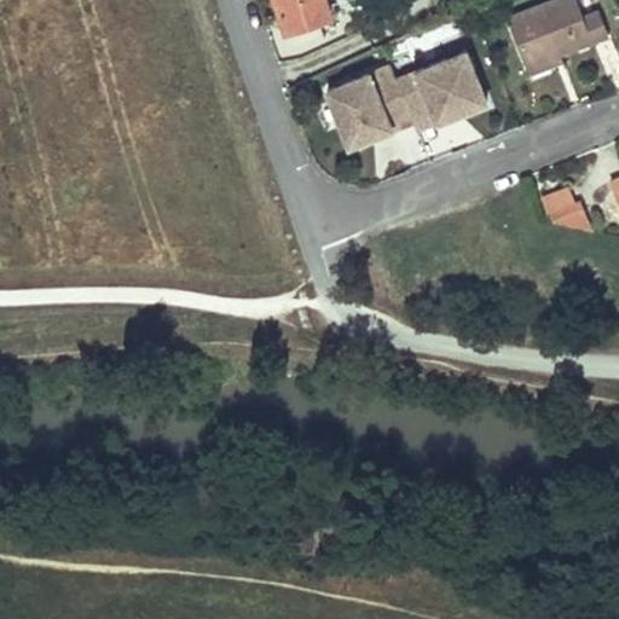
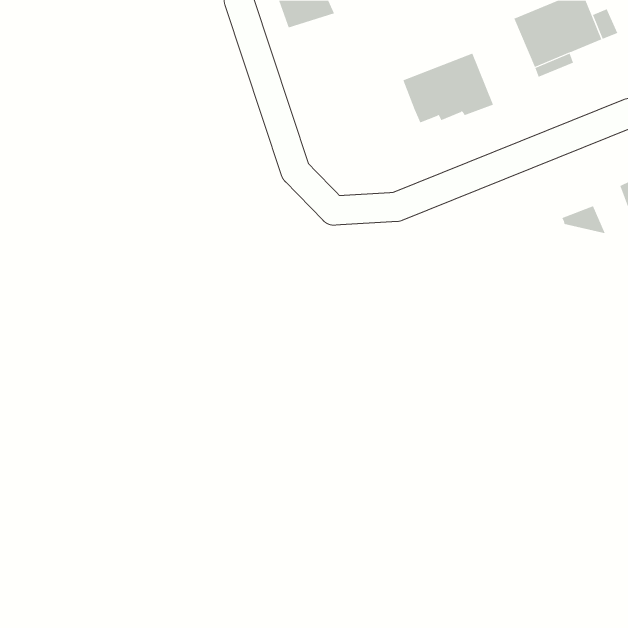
building: [328,66,407,147] -> none

